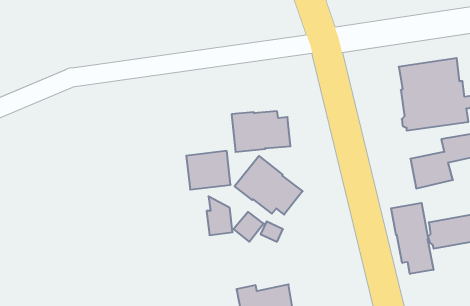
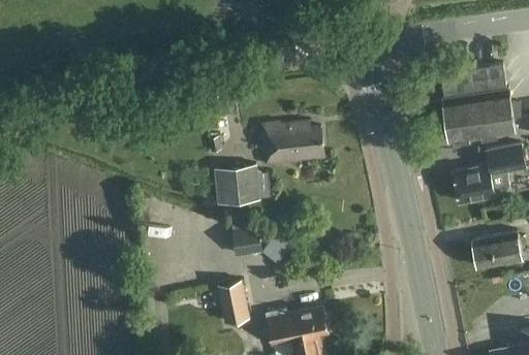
building: [235,156,303,215] -> none
building: [391,203,433,274] -> none
building: none -> [219,282,250,323]

